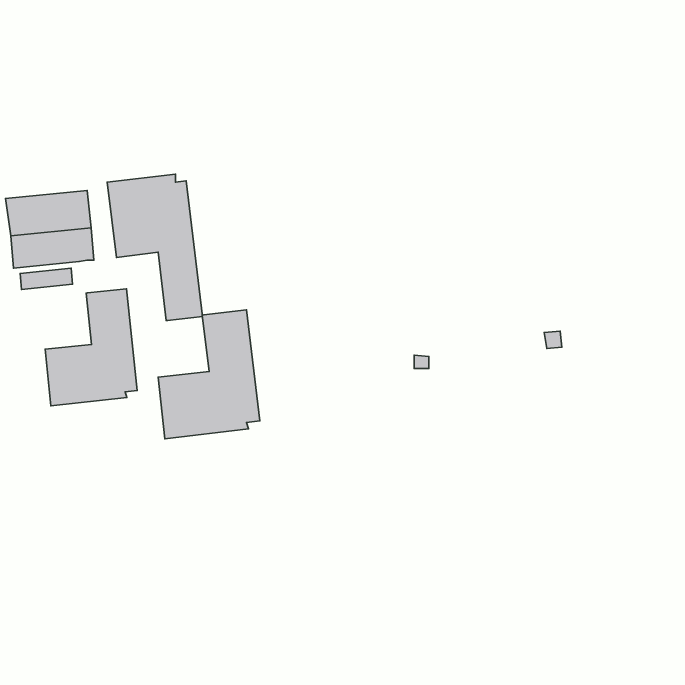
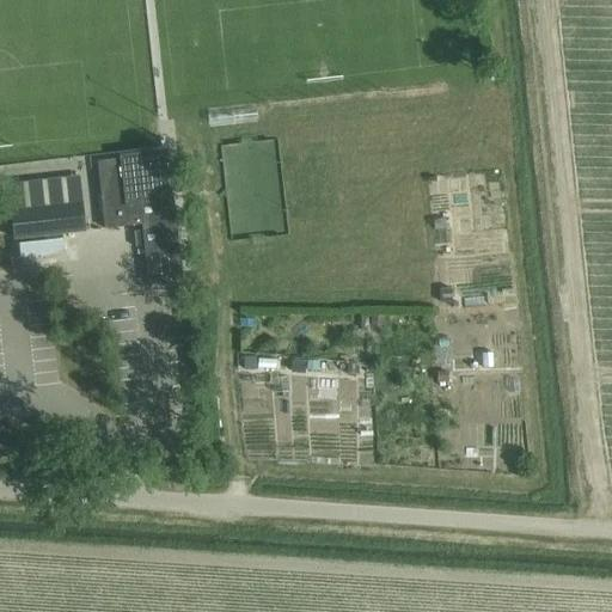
building: [45,289,137,406] -> none
building: [158,310,260,439] -> none

